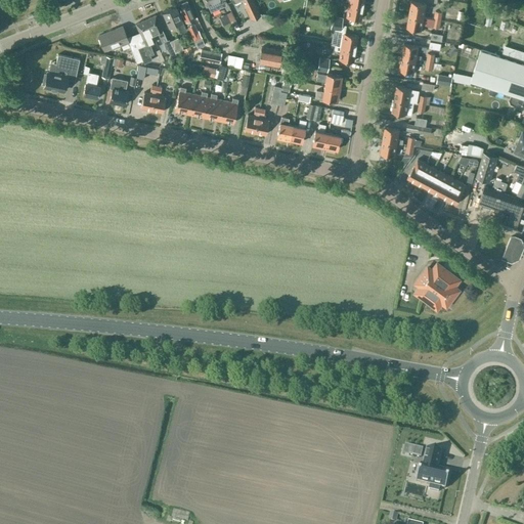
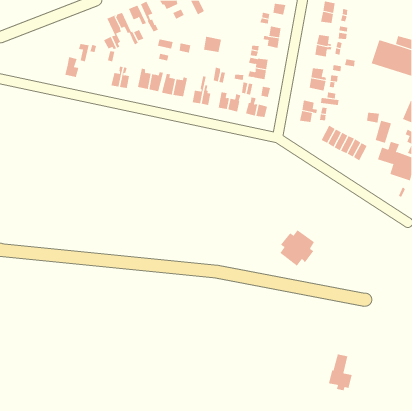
building: [98,27,128,51] -> none
building: [45,55,79,92] -> none
building: [110,78,128,105] -> none
building: [414,264,460,311] -> [279,229,315,266]

